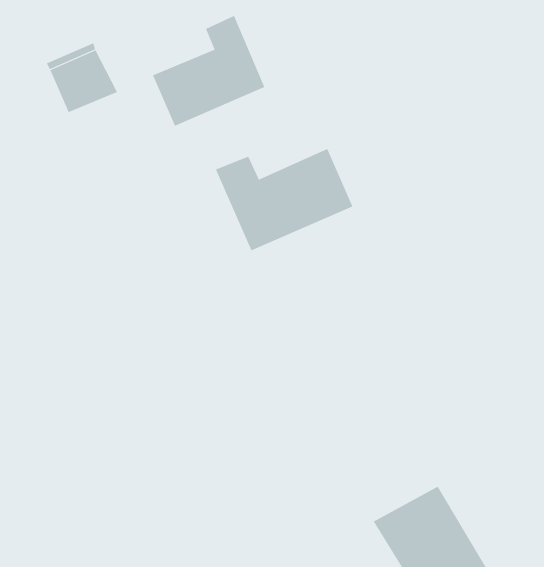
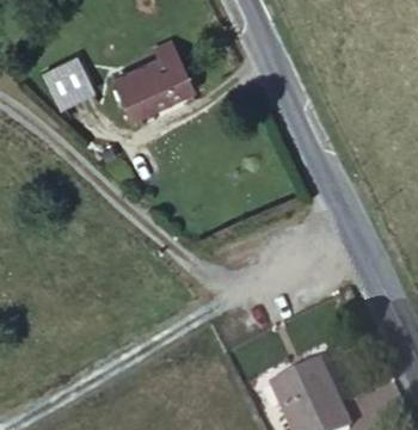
building: [215,148,353,251] -> none

